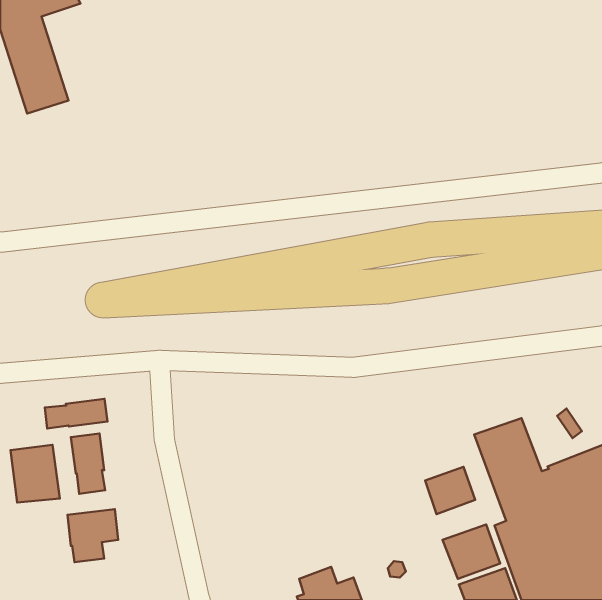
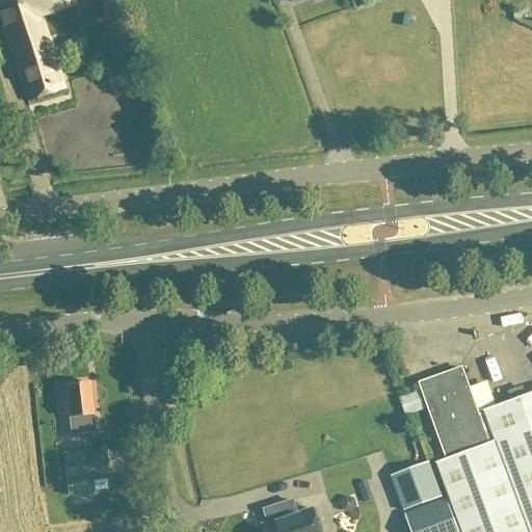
building: [45,399,107,428] -> none
building: [10,445,60,502] -> none
building: [425,467,475,514] -> none

